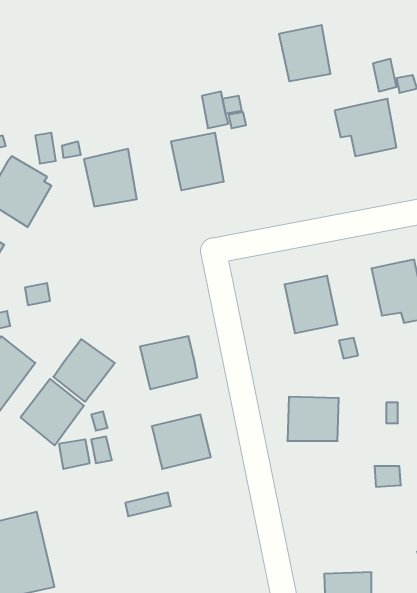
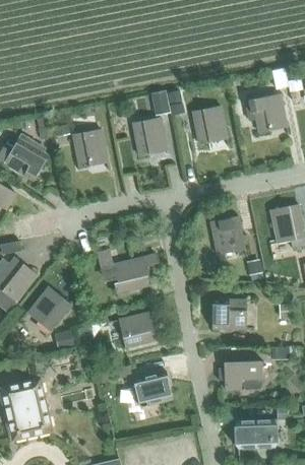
building: [279,25,331,81] -> [191,106,227,144]
building: [53,339,115,402] -> none
building: none -> [224,360,262,390]
building: none -> [132,370,172,406]

